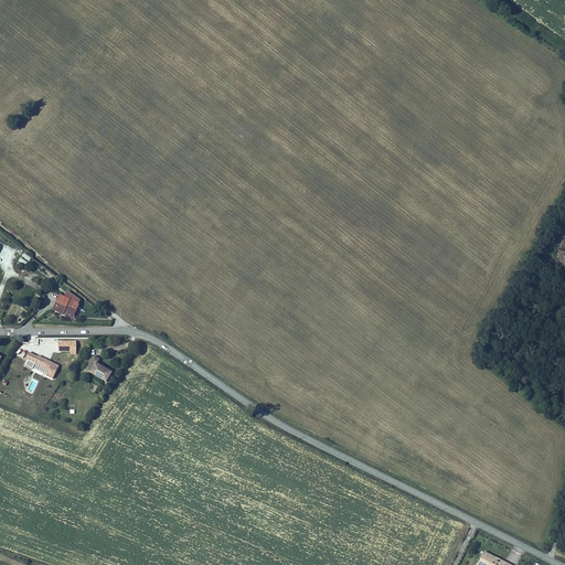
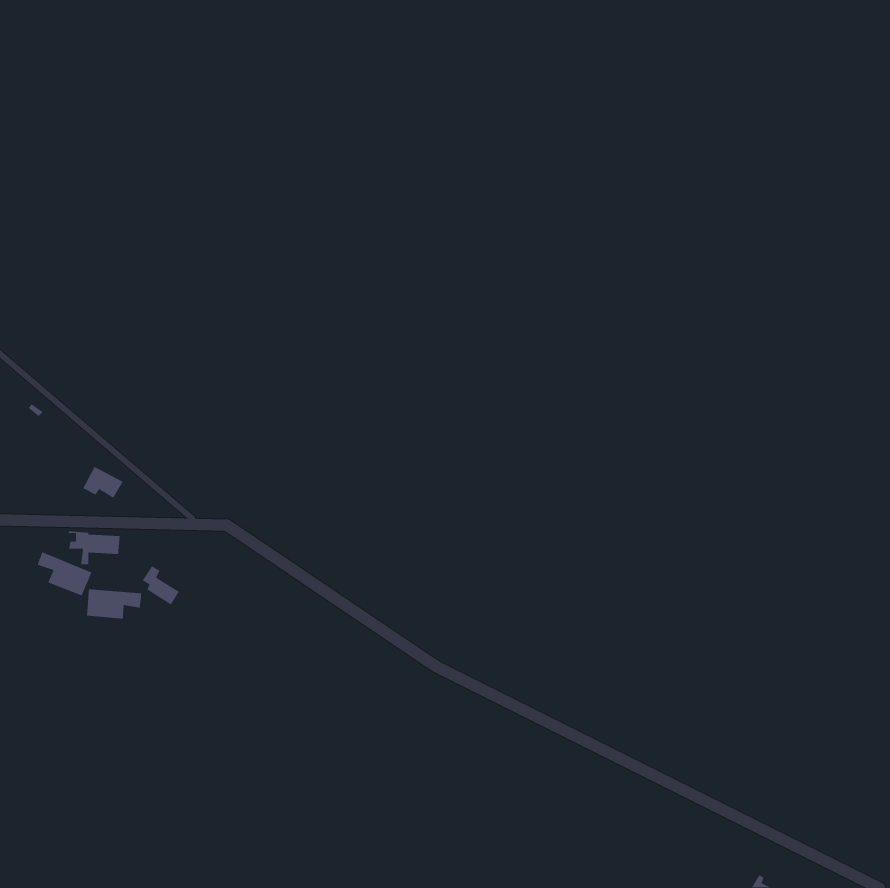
building: none -> [86,588,142,620]

